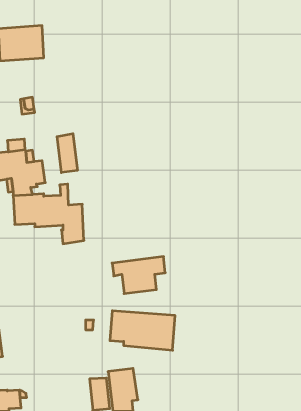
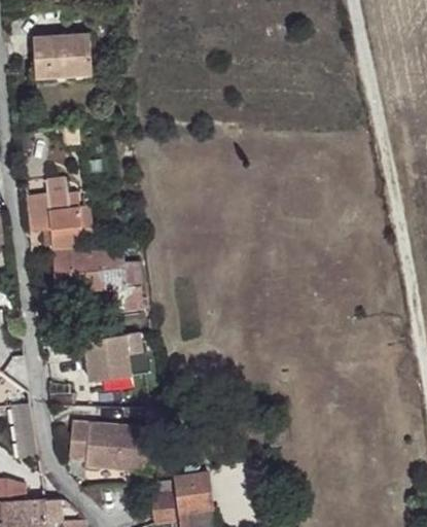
building: [57,134,77,173] -> none
building: [112,257,165,294] -> [74,332,142,380]
building: [110,311,175,350] -> [69,421,152,471]

